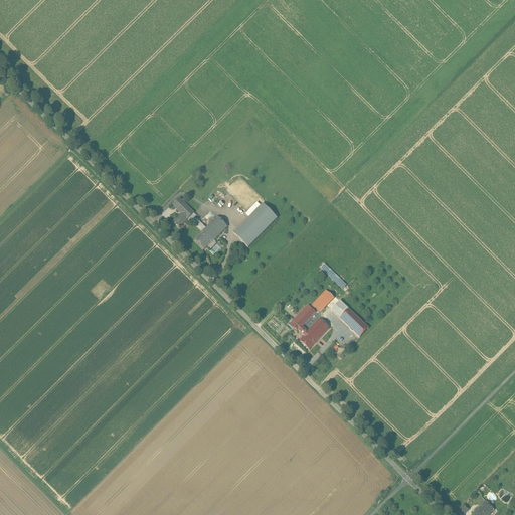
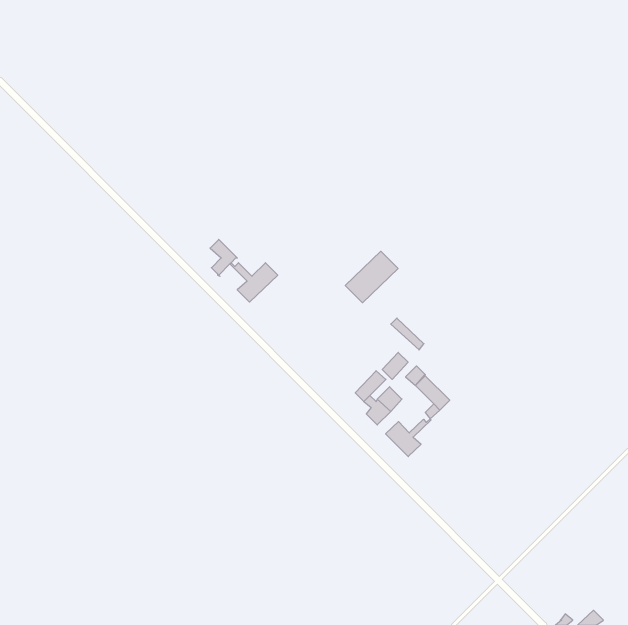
building: [233,203,277,245] -> [345,251,398,303]
building: none -> [386,419,431,457]

